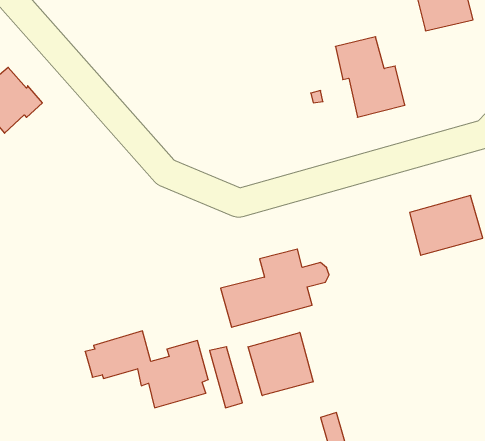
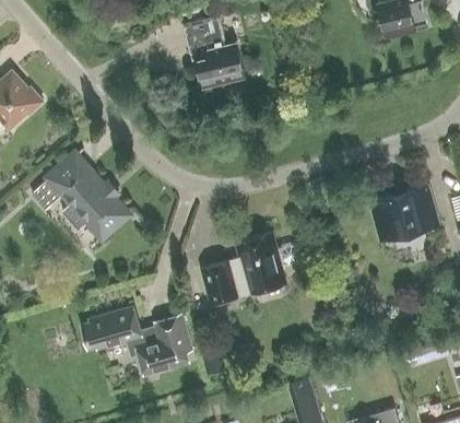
building: [335,37,405,117] -> [182,16,245,89]
building: none -> [32,150,126,237]
building: [248,332,313,396] -> none

